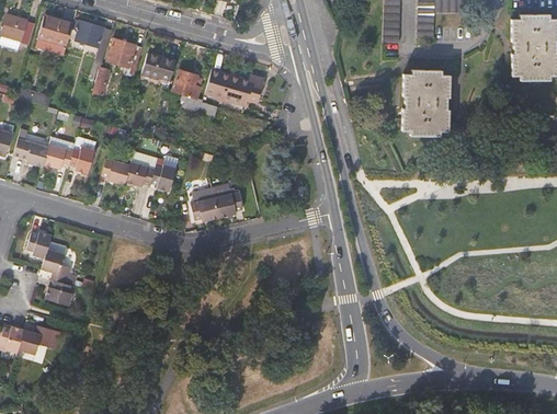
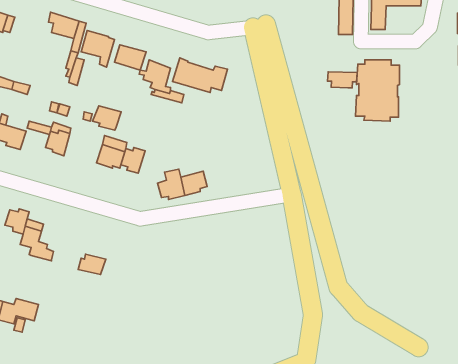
building: [36,16,72,55] -> none
building: none -> [328,72,357,88]
building: [42,143,72,168] -> none
building: [98,158,128,184] -> [93,106,121,130]
building: [45,280,75,302] -> [78,254,106,275]

